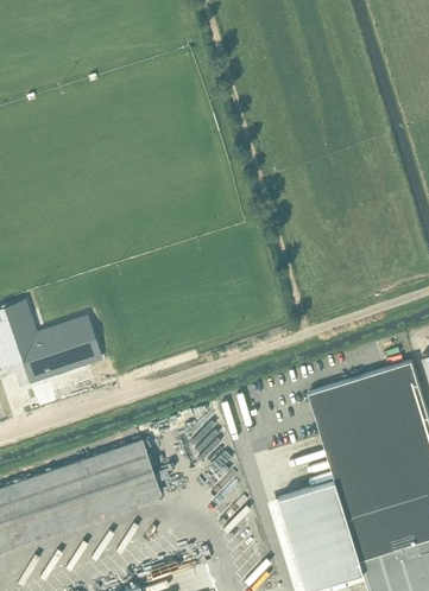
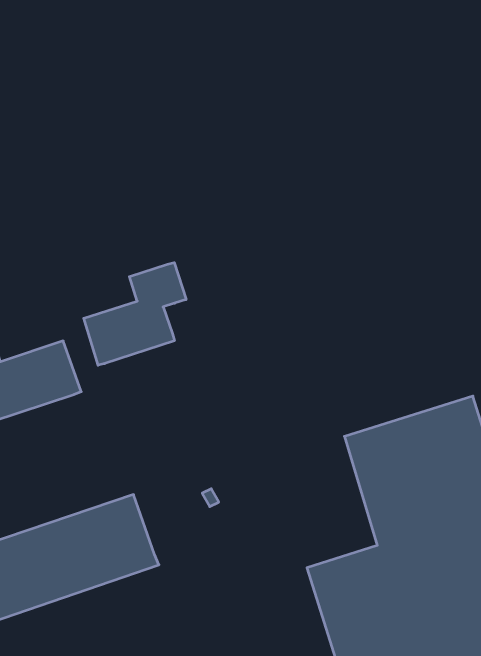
building: none -> [84,263,186,365]

